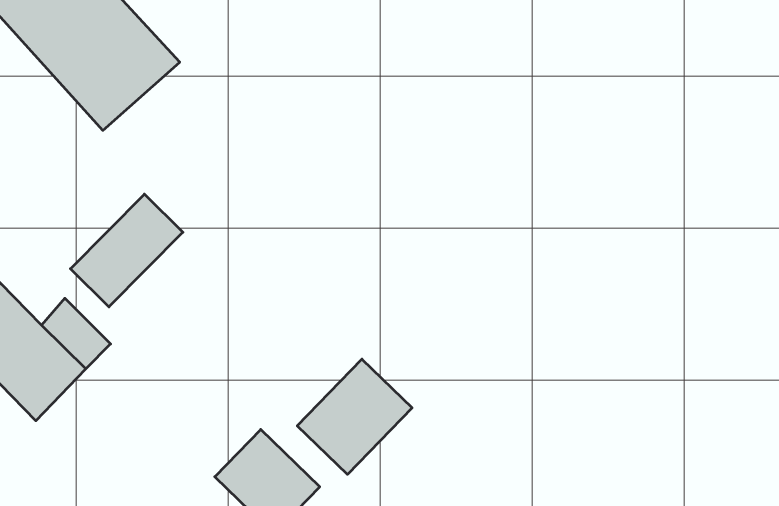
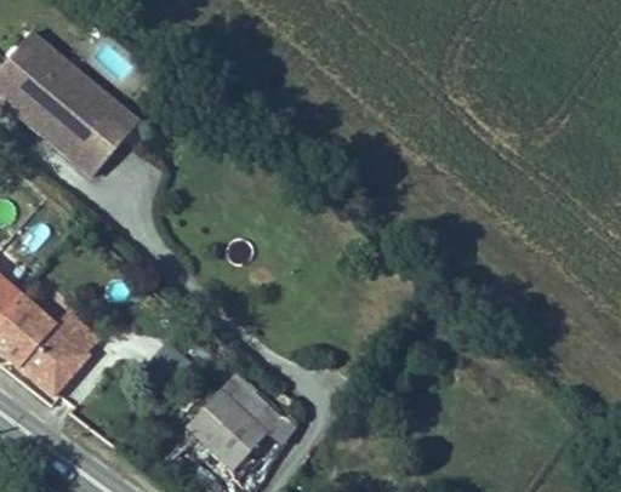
building: [70,194,183,307] -> none
building: [297,359,412,474] -> none

